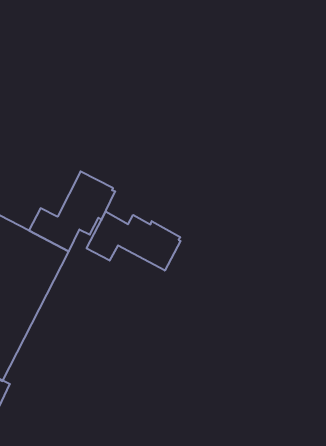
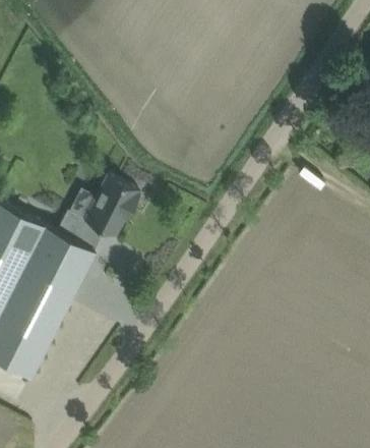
building: [87,212,181,271] -> none

